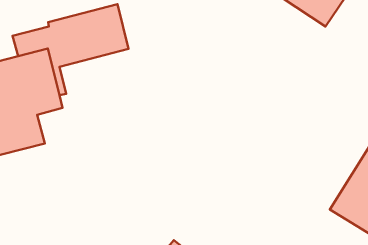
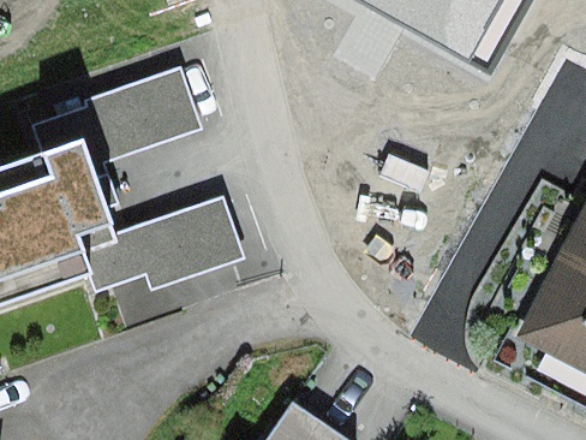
building: none -> [79,192,244,290]

